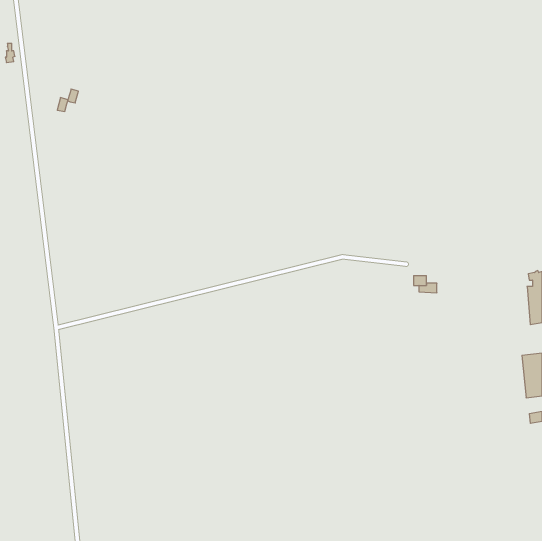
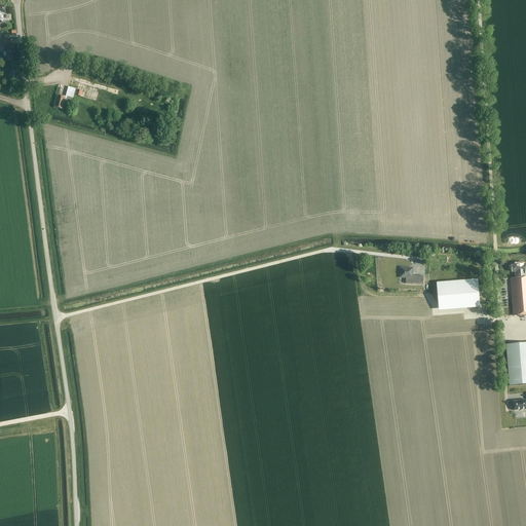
building: none -> [437,279,480,304]

